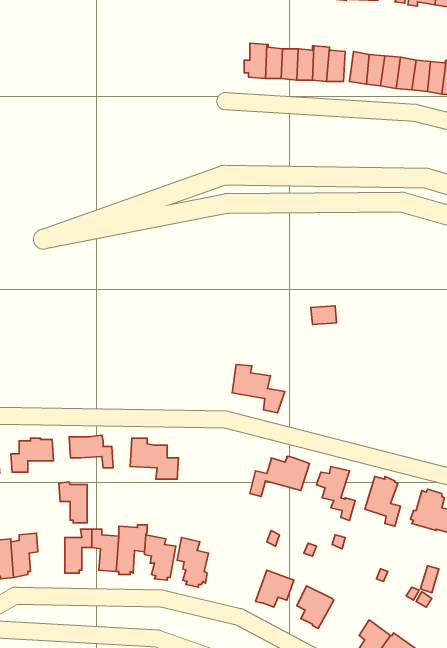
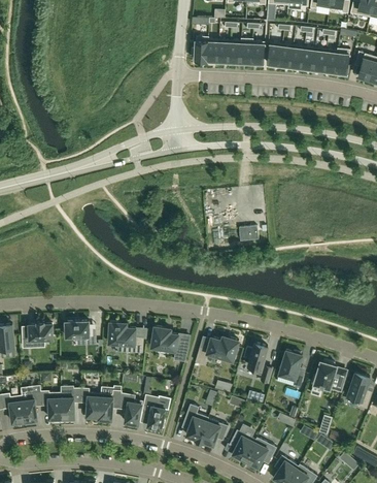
building: [232,364,285,413] -> [150,327,188,362]
building: [59,482,87,523] -> [40,391,61,421]
building: none -> [181,405,208,442]
building: none -> [244,438,276,468]

